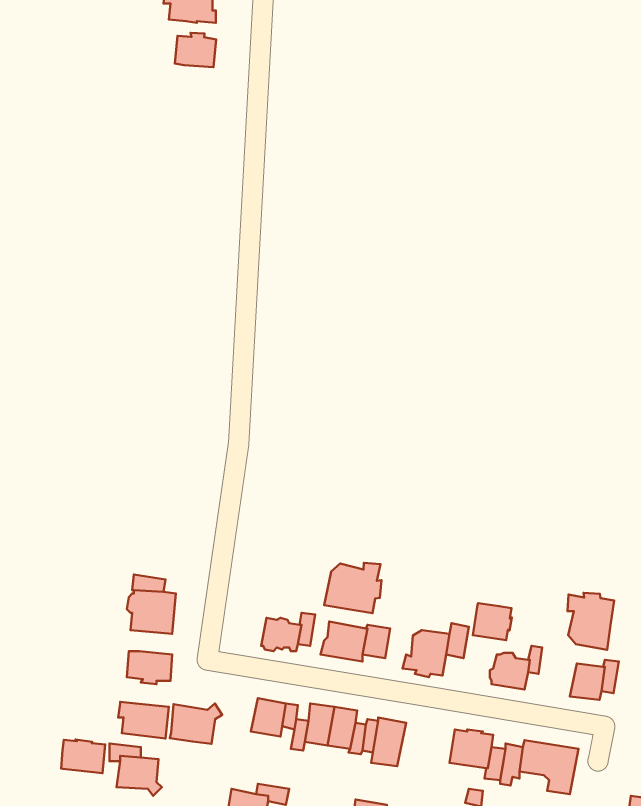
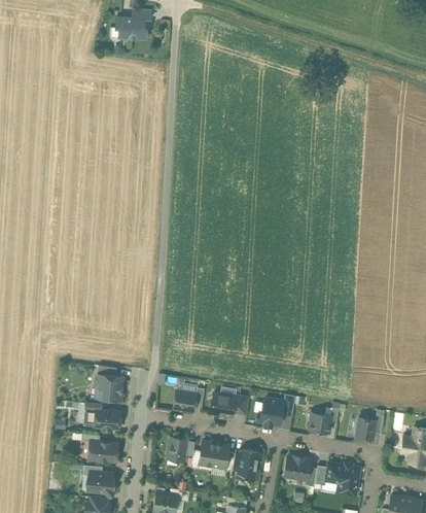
building: [175,33,216,67] -> none
building: [324,563,381,613] -> none
building: [568,593,614,650] -> none
building: [473,603,512,640] -> none
building: [170,704,222,744] -> none
building: [61,739,105,773] -> none

